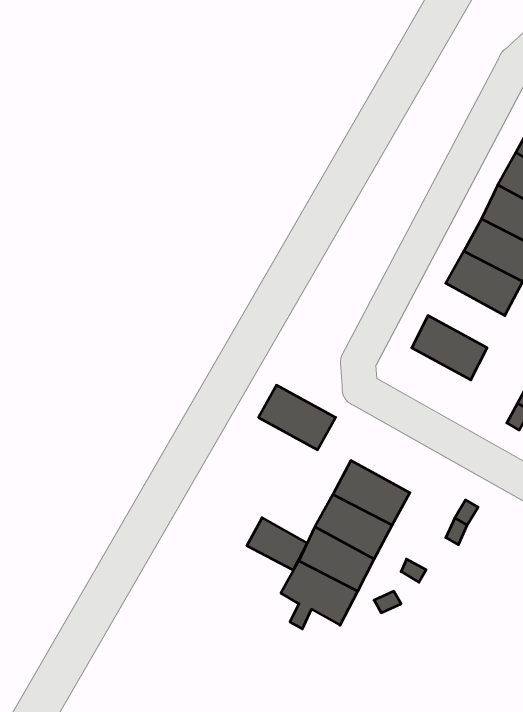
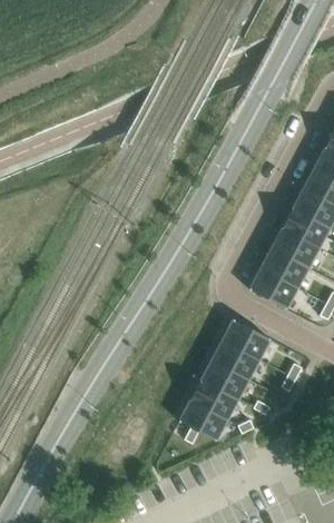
building: none -> [271,228,318,268]
building: none -> [249,268,297,308]
building: [259,385,336,450] -> [223,318,271,358]
building: [247,518,307,570] -> none

